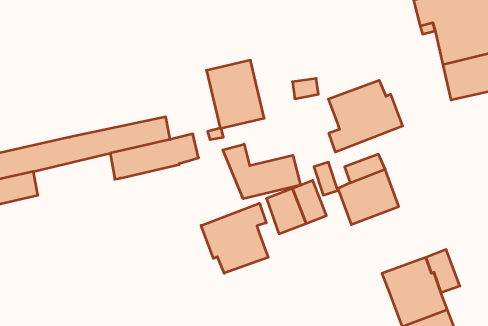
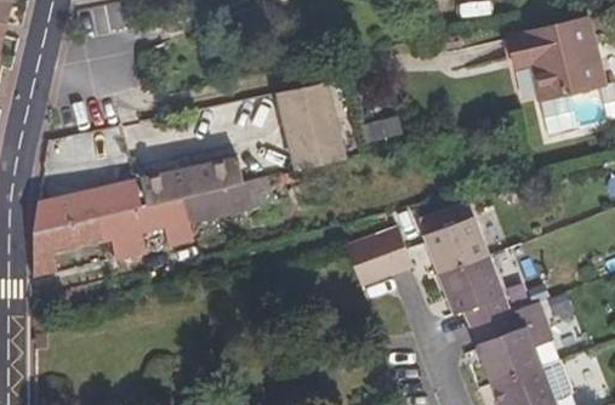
building: [328,80,403,152] -> none
building: [223,144,301,199] -> none
building: none -> [97,196,194,257]
building: [201,203,268,273] -> none
building: none -> [438,253,511,325]

